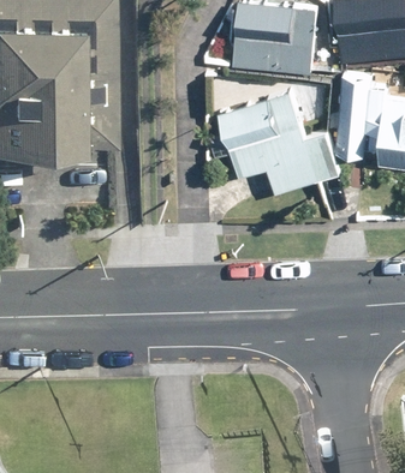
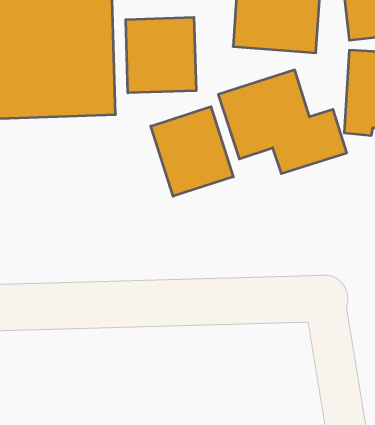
building: none -> [126,17,196,93]
building: none -> [151,107,233,196]

